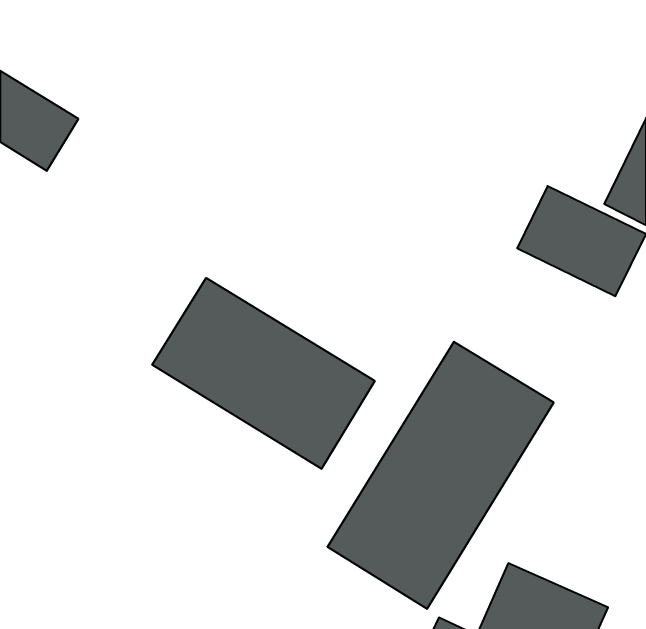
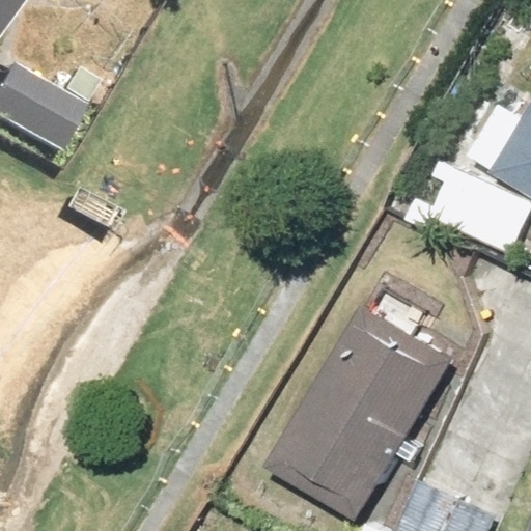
building: [152,278,375,469] -> none

